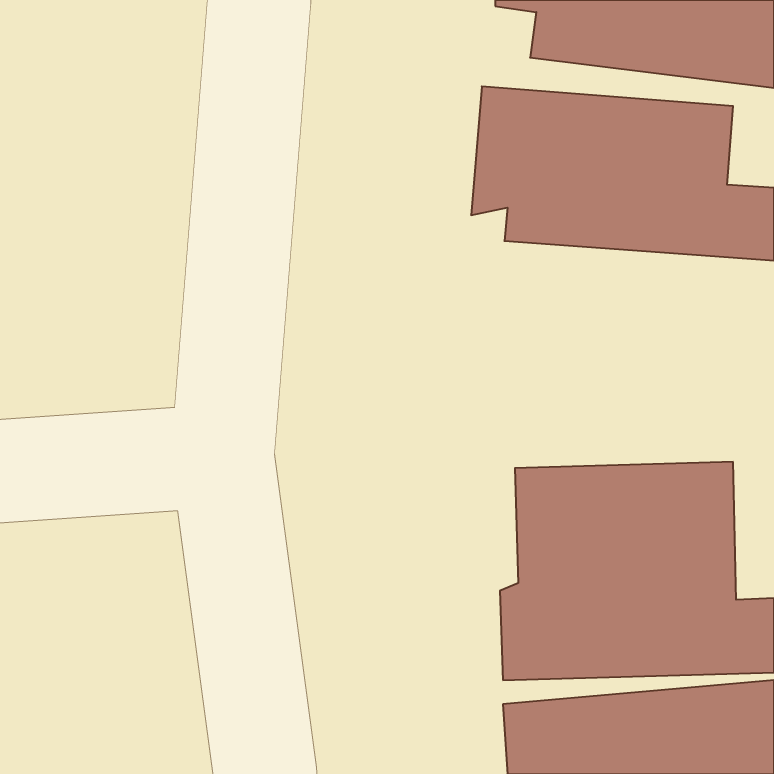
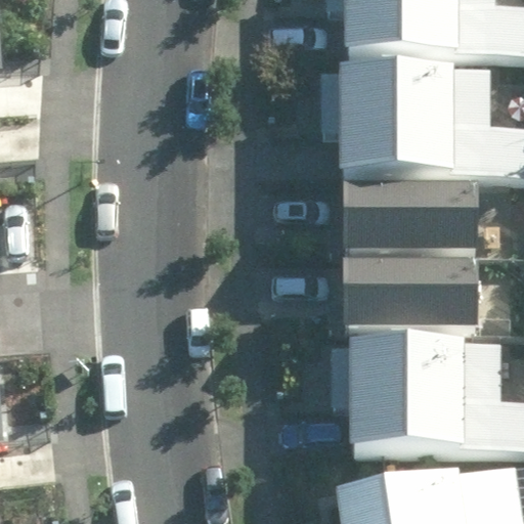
building: none -> [343,183,480,302]

